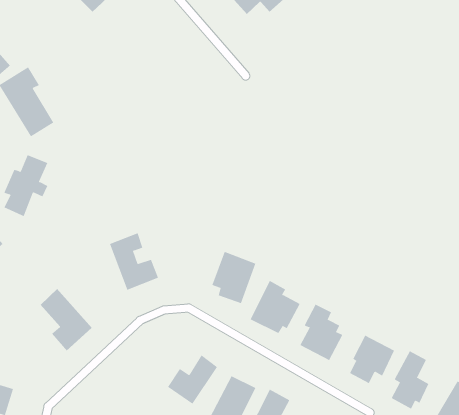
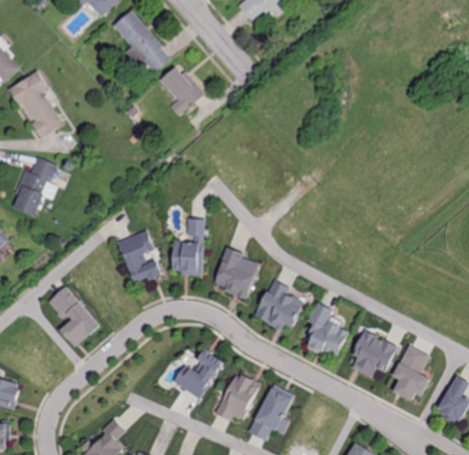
building: none -> [114,10,171,72]
building: none -> [160,65,202,115]
building: none -> [170,220,202,274]

